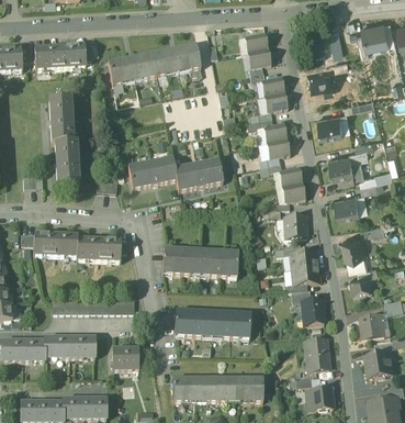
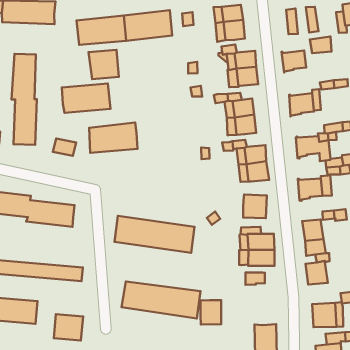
building: none -> [89,50,119,79]
building: [176,158,224,190] -> [62,84,110,113]
building: [303,299,325,324] -> [200,300,221,325]

